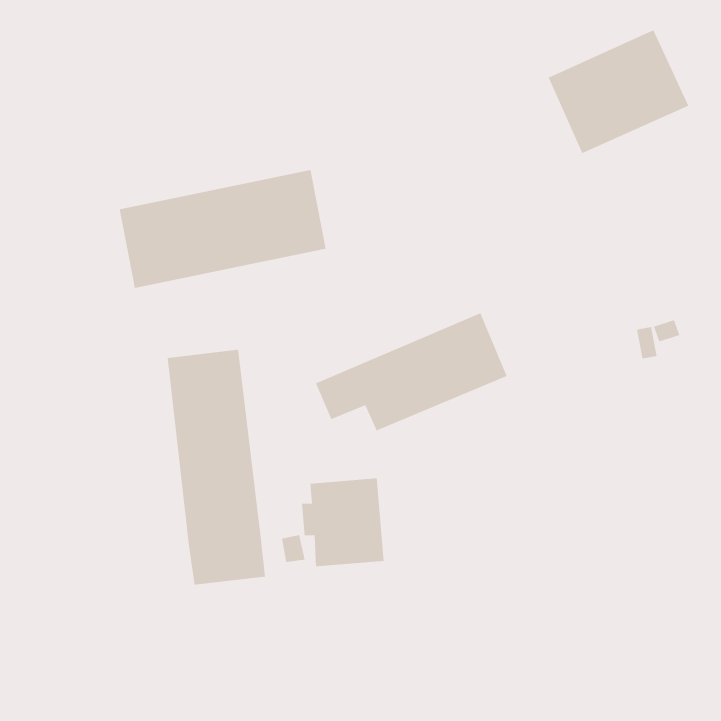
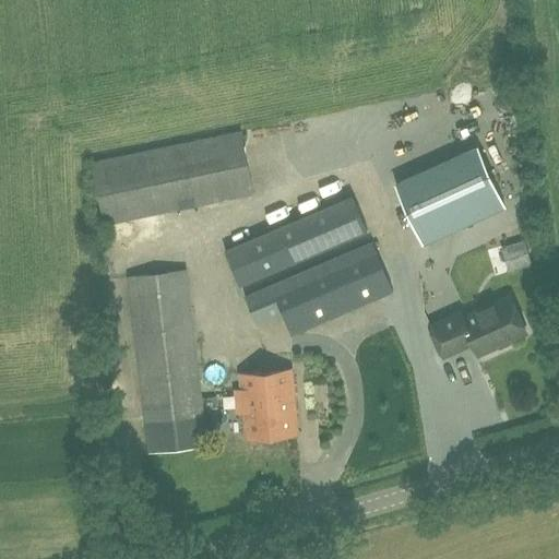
building: [548,29,689,154] -> [395,148,504,245]
building: none -> [224,198,367,286]
building: none -> [429,298,524,355]

